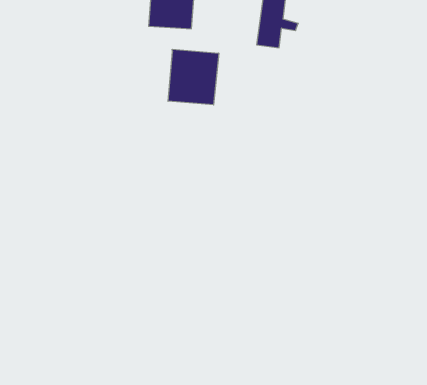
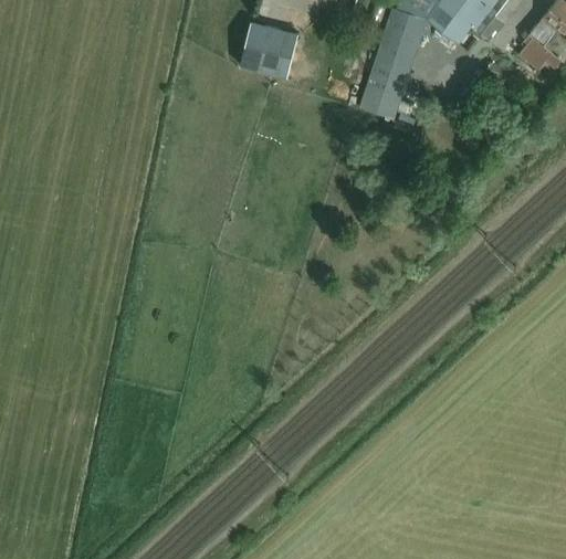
building: [168,49,219,105] -> none

